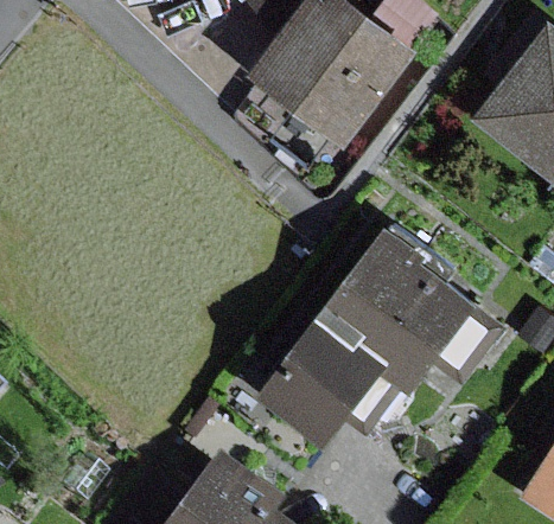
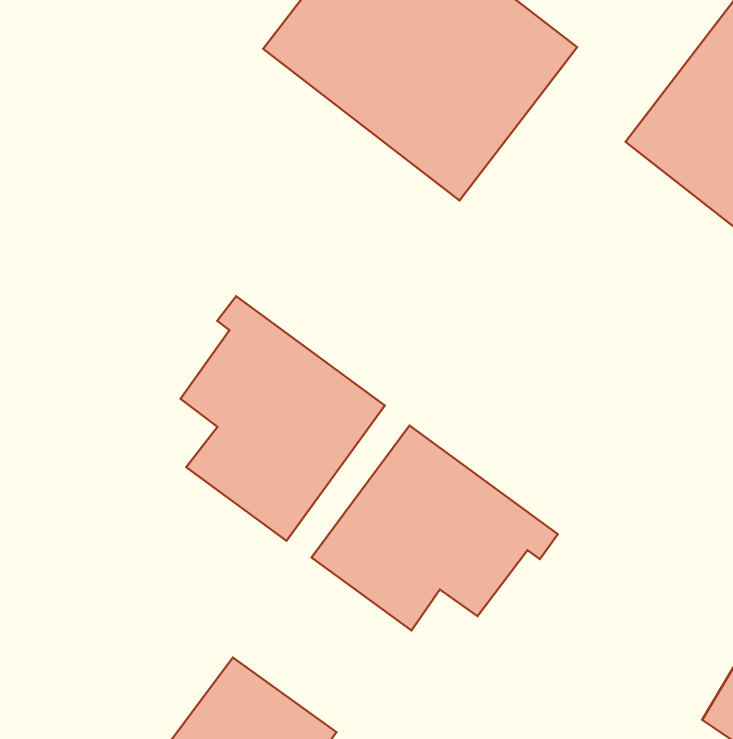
building: none -> [181,296,385,541]
building: [326,225,512,388] -> none

